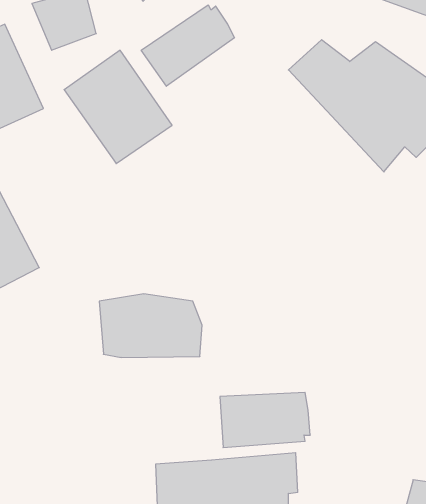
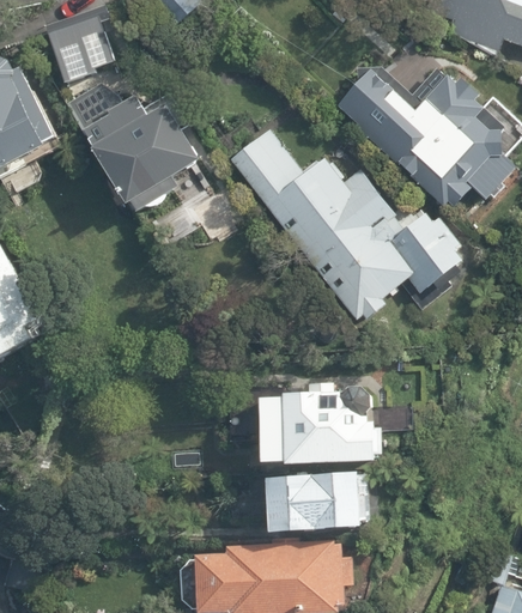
building: [141,5,234,86] -> none
building: none -> [225,127,461,321]
building: [99,294,202,357] -> [255,389,374,462]

